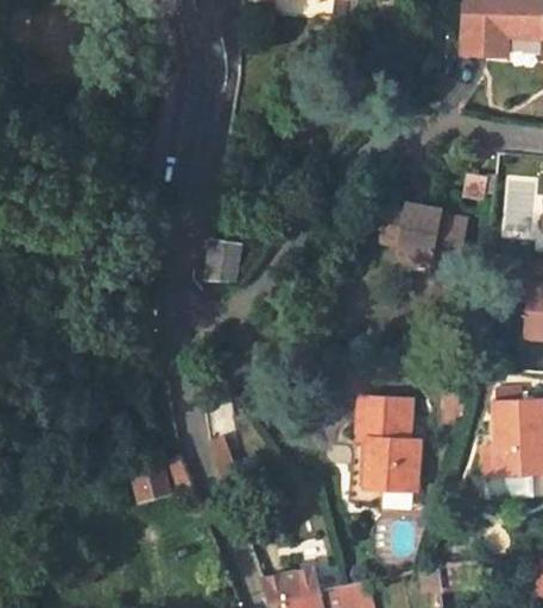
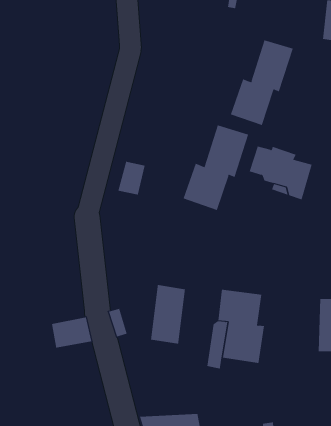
building: none -> [230,40,293,126]
building: none -> [183,125,249,211]
building: none -> [150,284,186,345]

